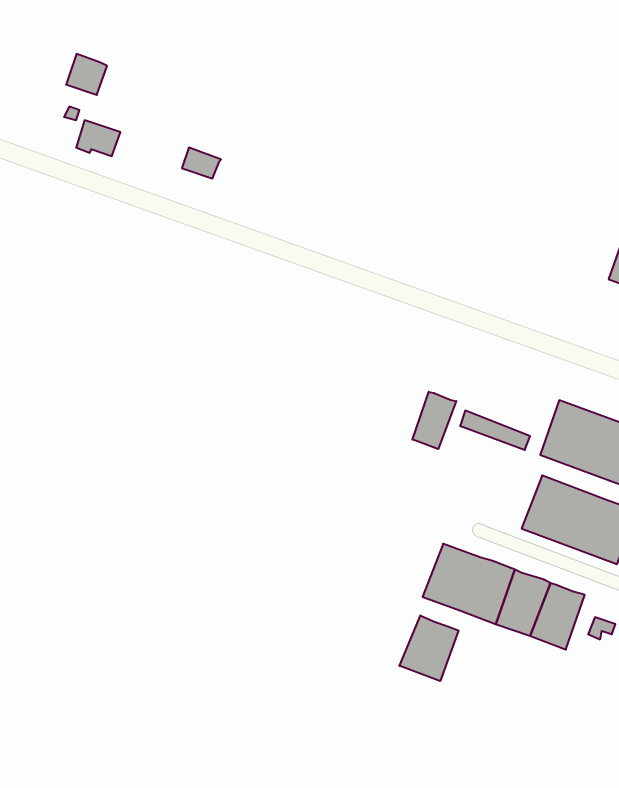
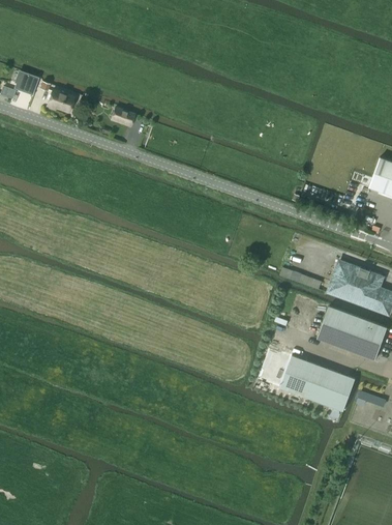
building: [66,54,107,95] -> [13,70,38,95]
building: [412,392,456,449] -> none
building: [399,615,459,681] -> none

